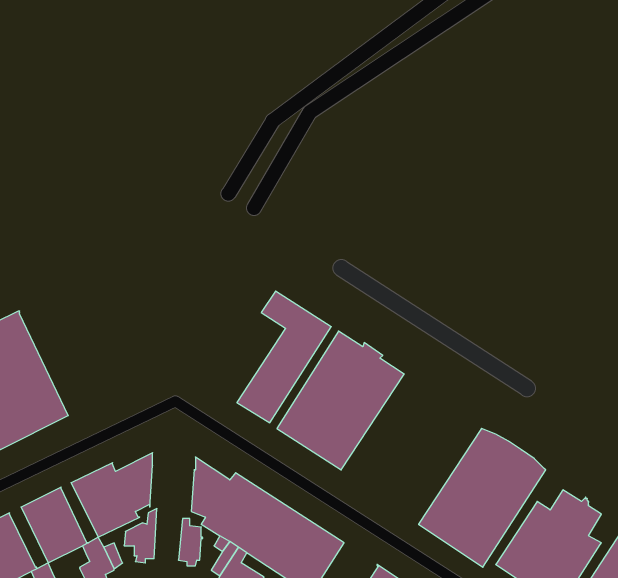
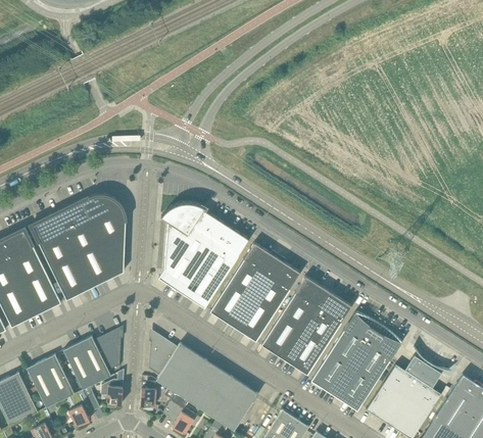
building: none -> [30,194,127,299]
building: none -> [157,202,215,293]
building: none -> [260,276,351,375]

